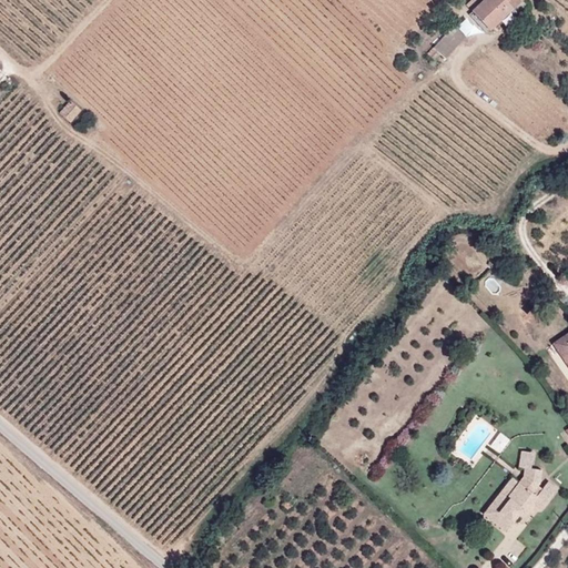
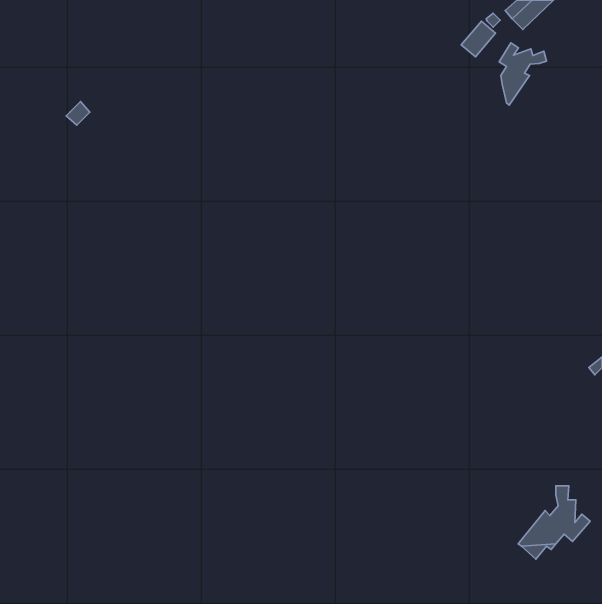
building: none -> [499,43,547,105]

